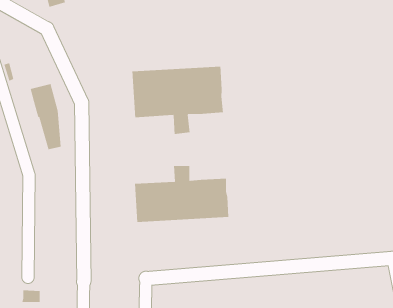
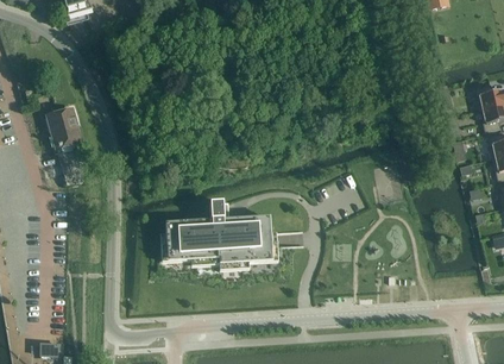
building: [132,66,224,135] -> none

